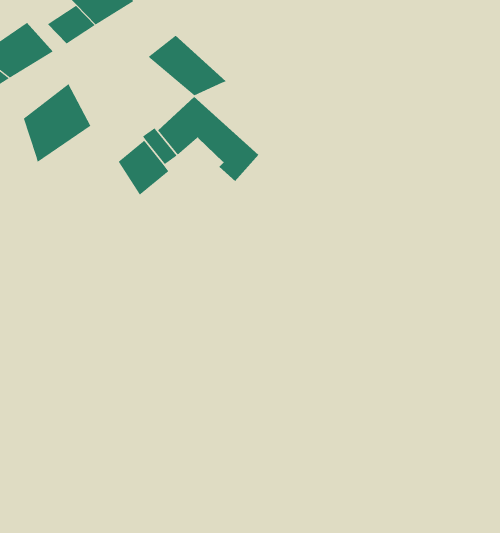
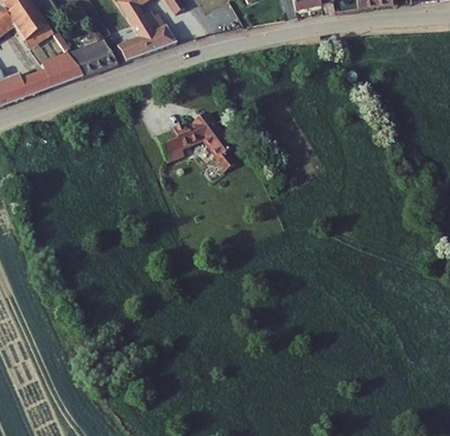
building: [147,35,227,96] -> none
building: [23,83,91,163] -> none

